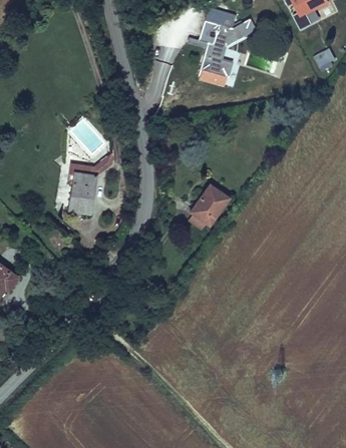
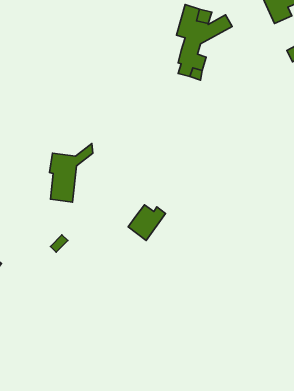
building: [191,188,230,226] -> [128,205,166,240]

